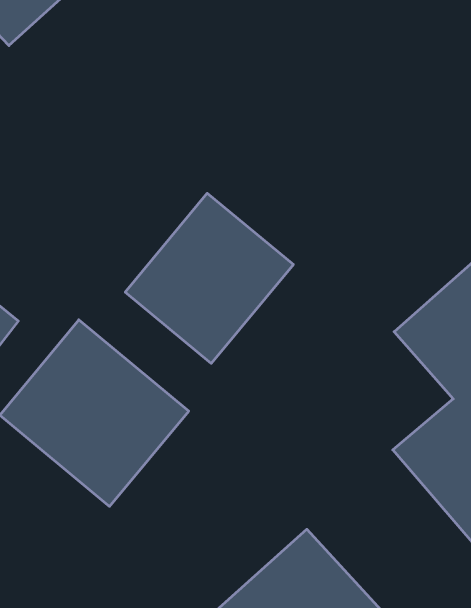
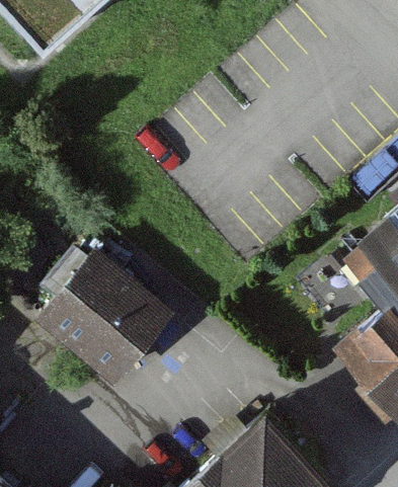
building: [125,193,293,363] -> none

